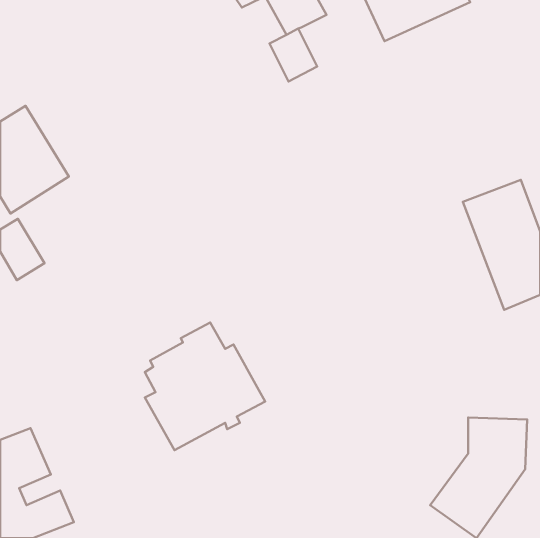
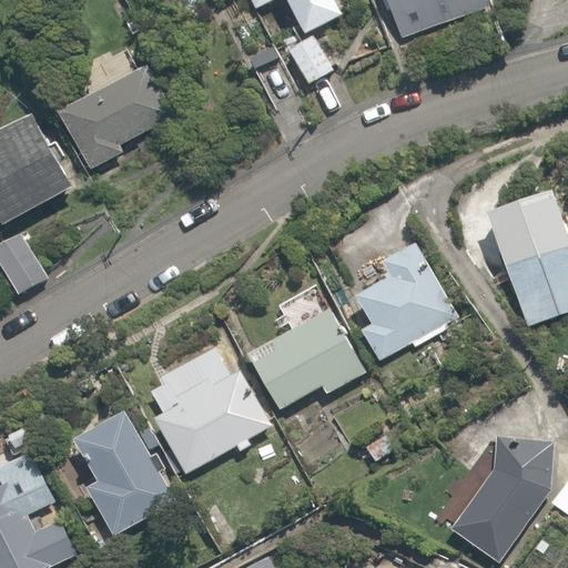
building: none -> [58,68,171,169]
building: none -> [356,241,449,357]
building: none -> [243,281,355,409]
building: none -> [77,410,174,535]

